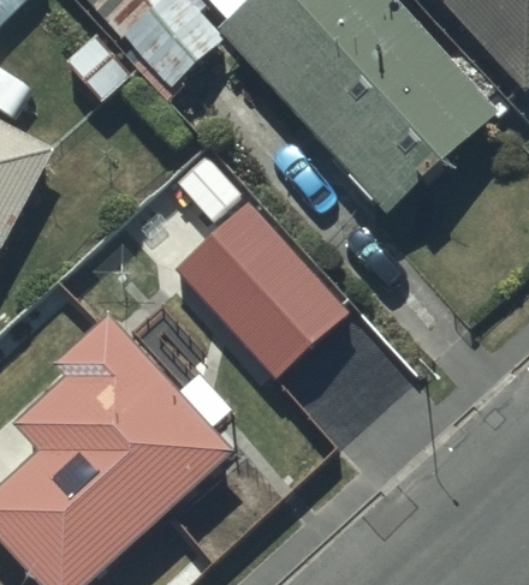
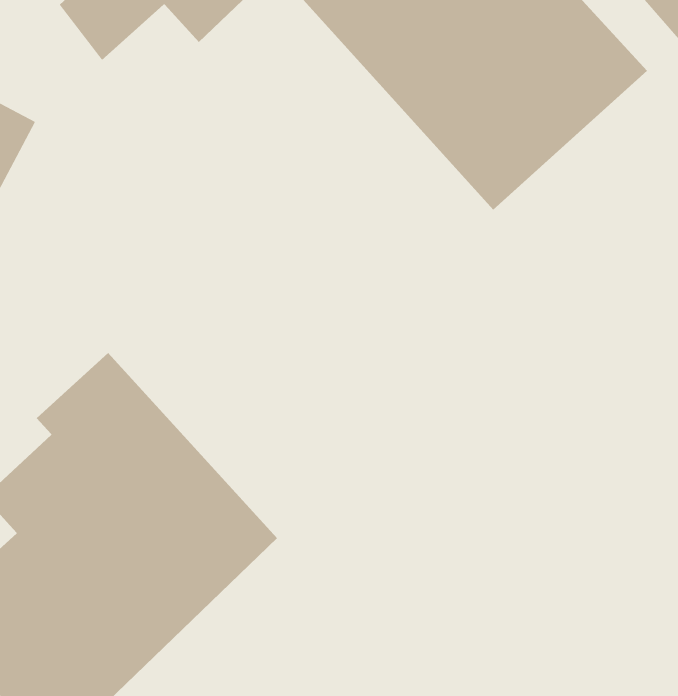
building: [178,199,351,376] -> none

